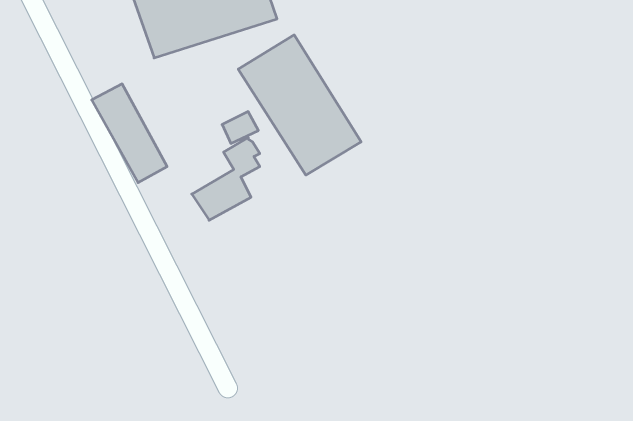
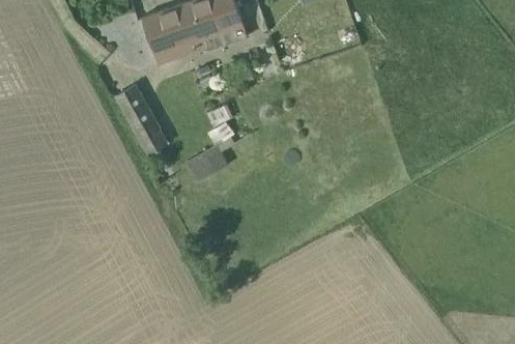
building: [238,35,361,175] -> none

